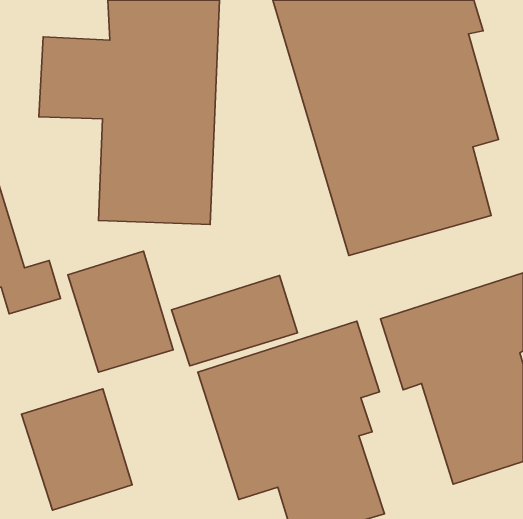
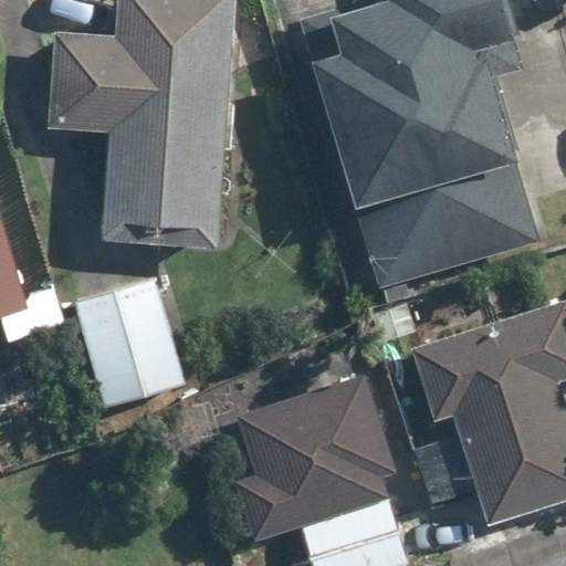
building: [171,275,297,366] -> none
building: [22,389,132,510] -> none

